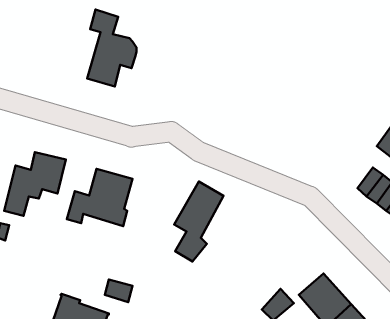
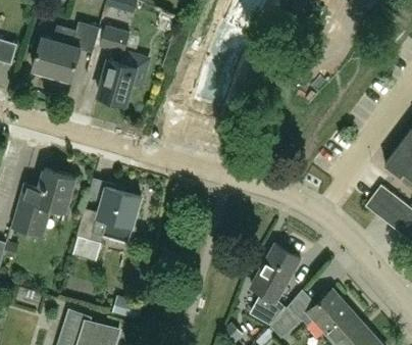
building: none -> [32,24,99,85]
building: [174,181,223,261] -> [251,245,300,325]

